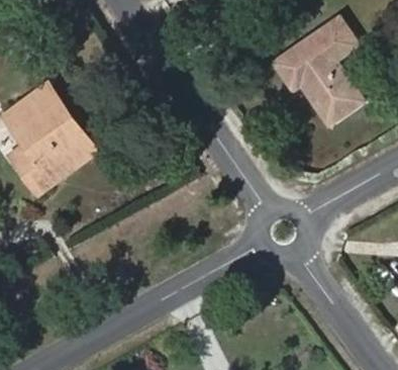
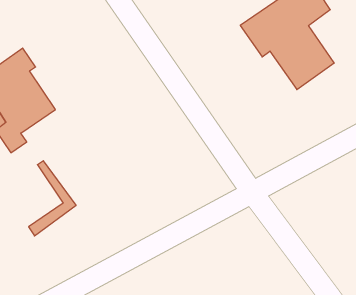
building: [46,104,95,181] -> [29,161,76,236]

